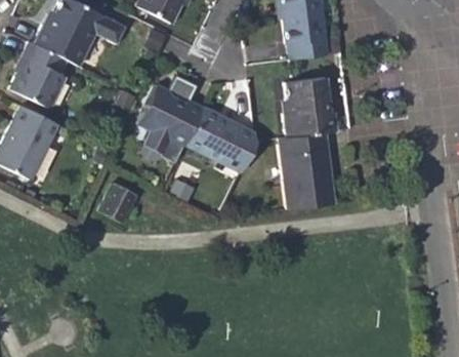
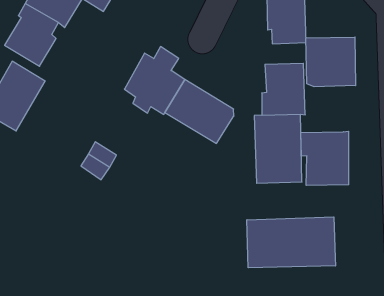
building: none -> [306,37,356,87]
building: none -> [301,131,349,185]
building: none -> [247,217,335,268]

